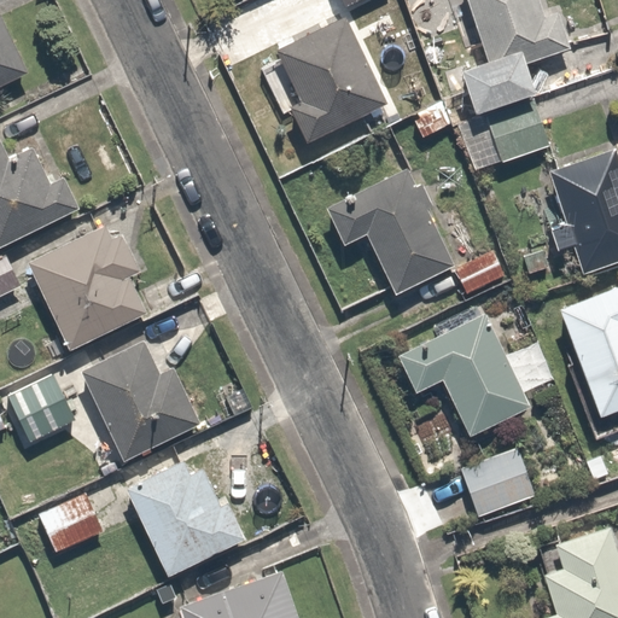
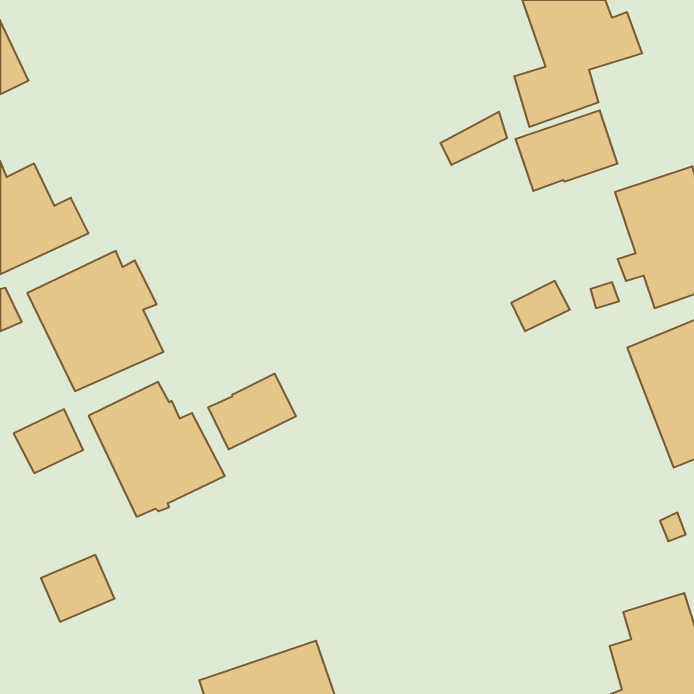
building: [273,14,386,142] -> none
building: [325,169,455,296] -> none
building: [396,314,531,438] -> none
building: none -> [208,374,296,449]
building: [461,449,537,519] -> none
building: [124,457,245,576] -> none

